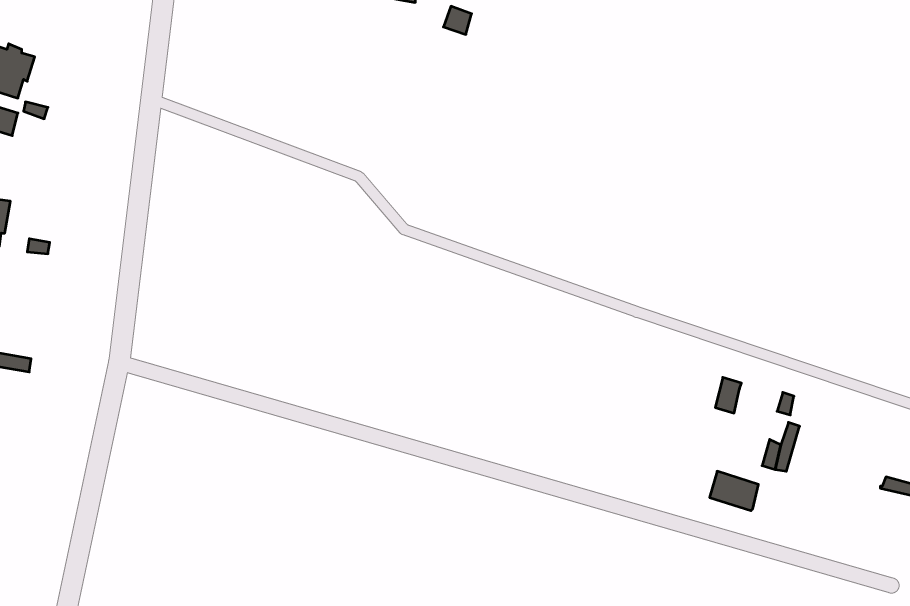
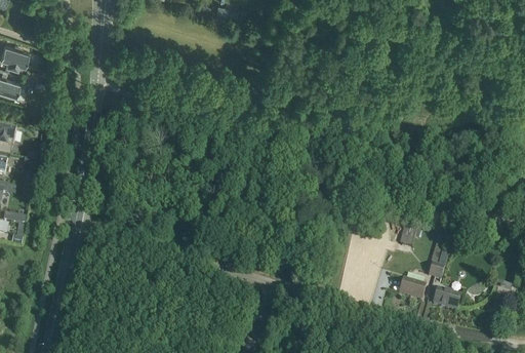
building: none -> [432,287,459,309]

